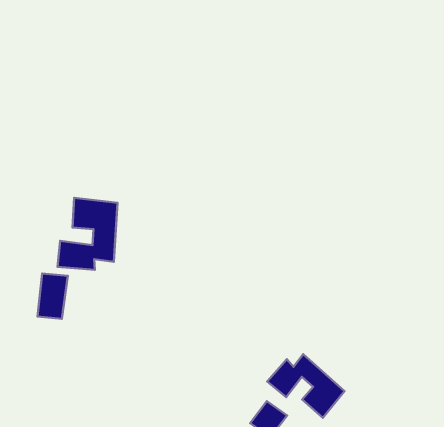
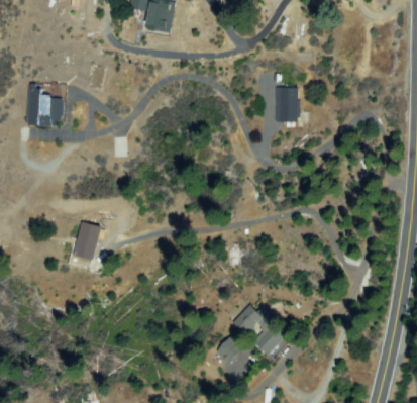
building: none -> [278,89,296,123]
building: [58,198,118,270] -> none

